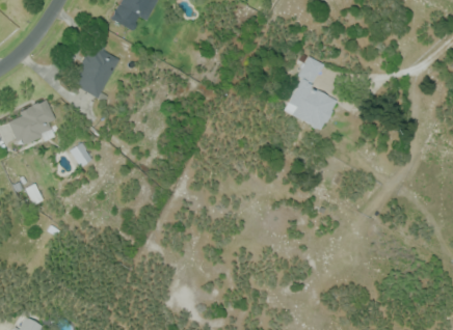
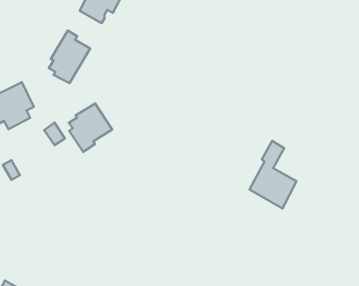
building: [285,56,337,131] -> [250,141,297,208]
building: none -> [69,103,112,152]

